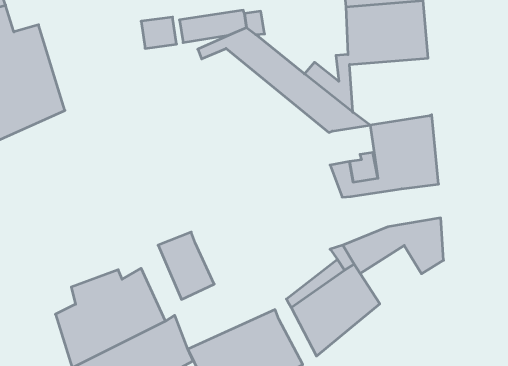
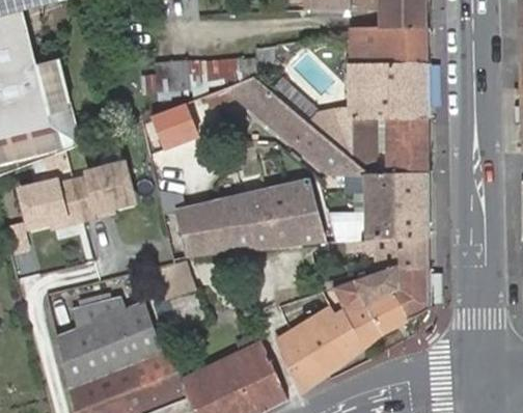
building: none -> [351,114,425,174]
building: none -> [152,101,197,143]
building: none -> [19,161,136,239]
building: none -> [163,183,324,260]
building: none -> [343,235,428,272]
building: none -> [348,291,406,345]

